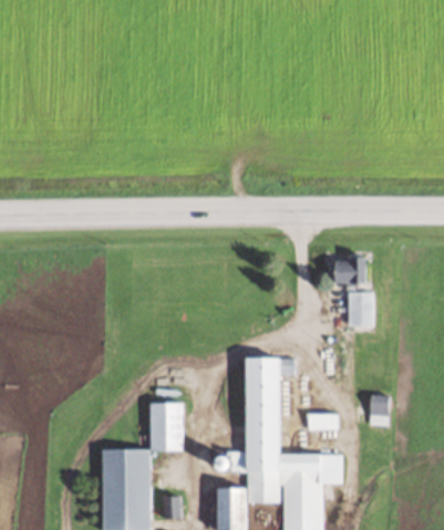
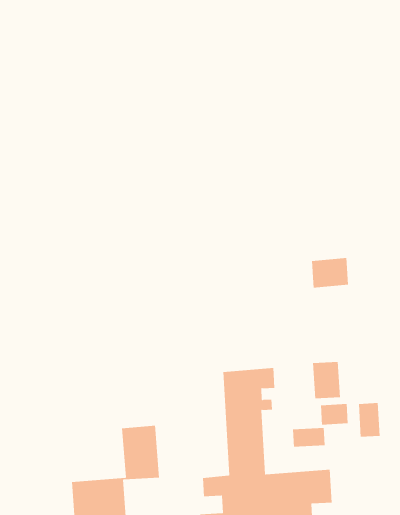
building: [349,292,373,325] -> [312,361,341,399]
building: none -> [320,403,348,425]

